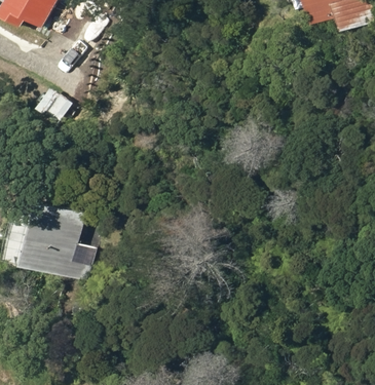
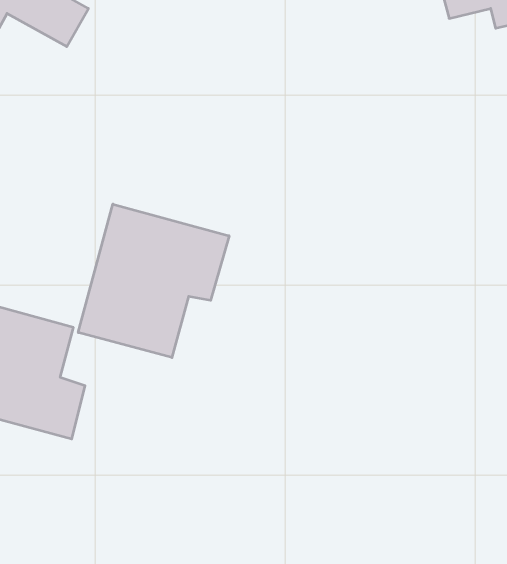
building: none -> [78,204,229,358]

